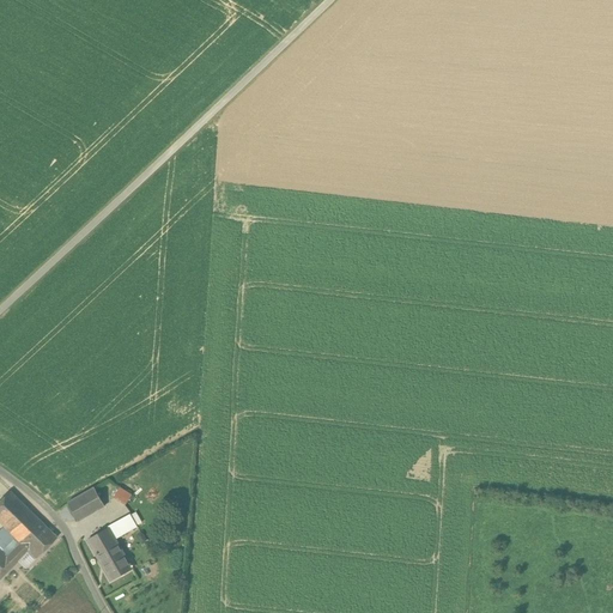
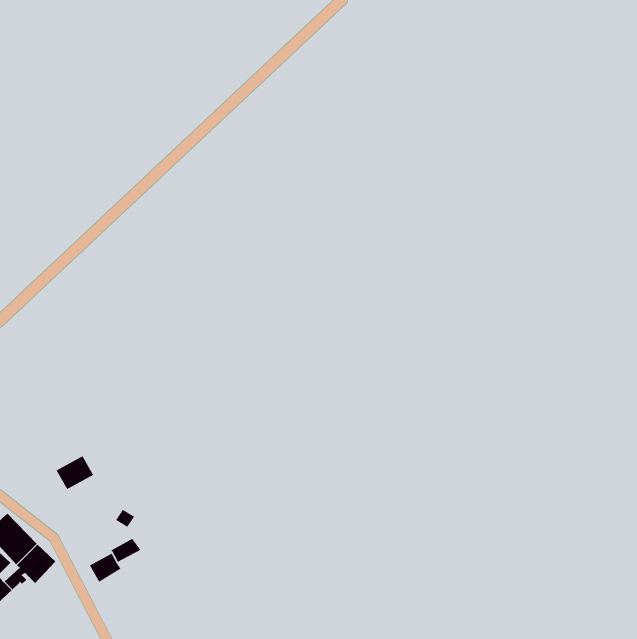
building: [66,487,103,521] -> [55,455,94,490]
building: [95,545,129,581] -> none

